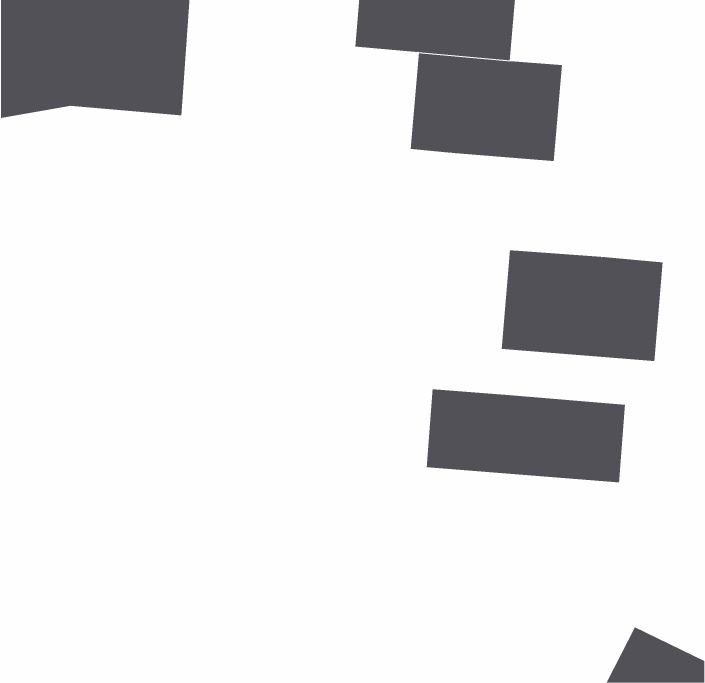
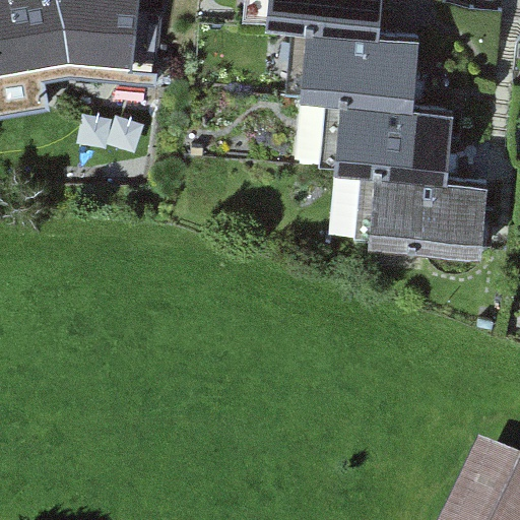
building: none -> [327,113,448,189]
building: [426,389,626,483] -> none

